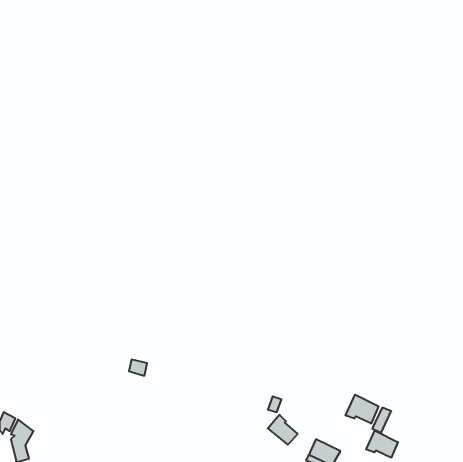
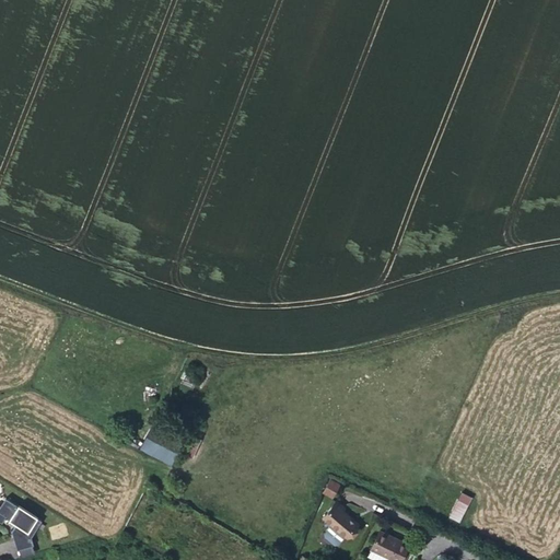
building: [346,395,378,424] -> none
building: [366,431,398,458] -> none

